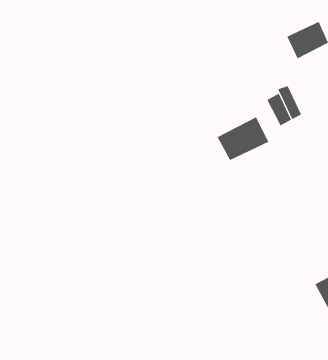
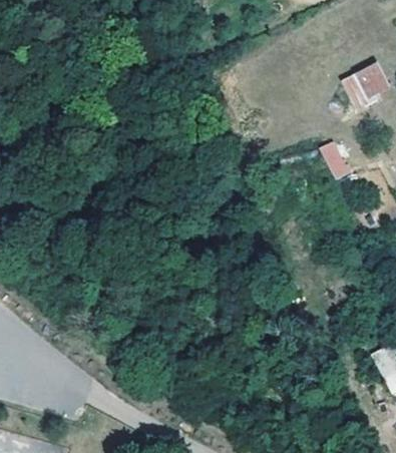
building: [217,117,269,161] -> none

